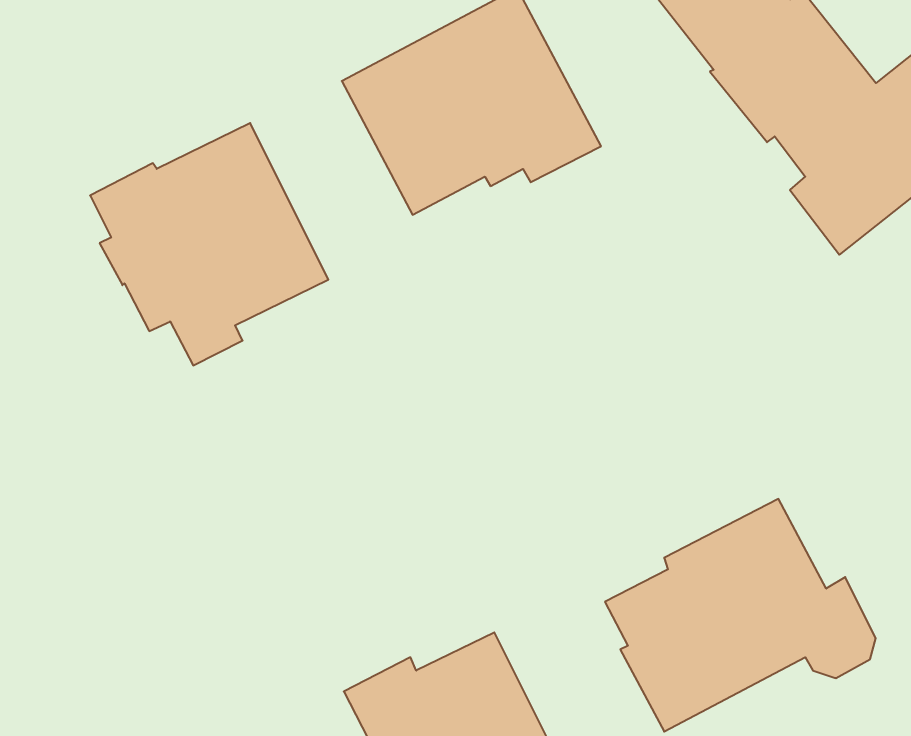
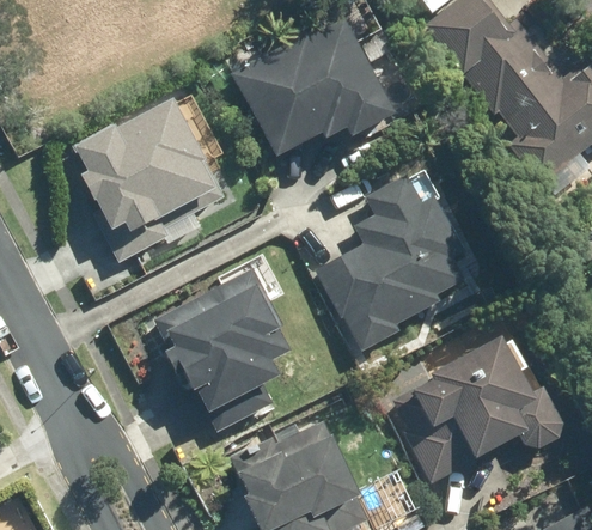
building: none -> [315,175,462,352]
building: none -> [153,269,285,433]

